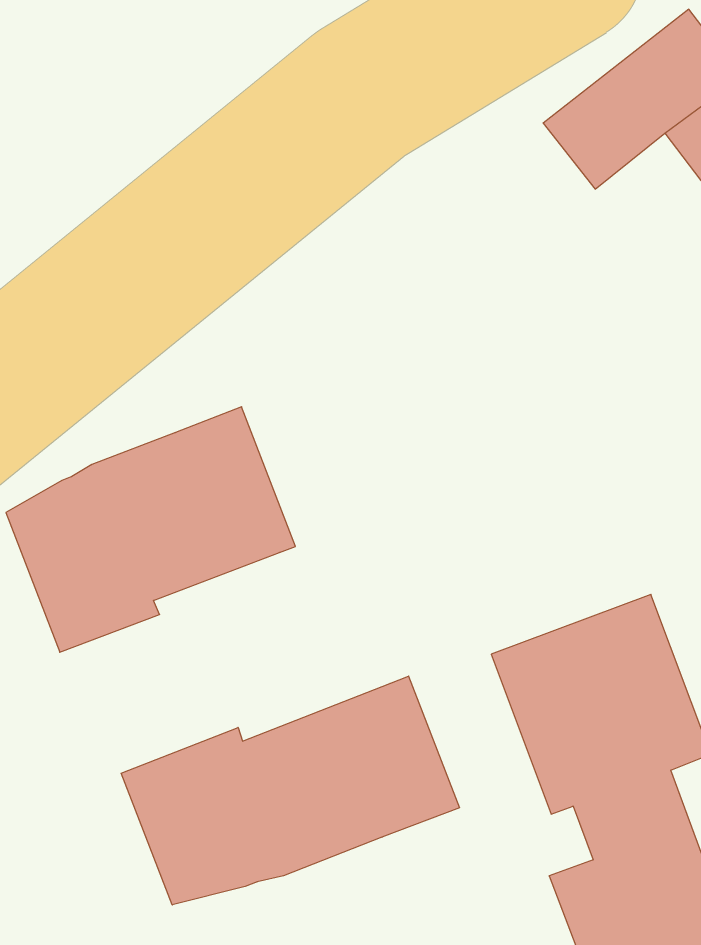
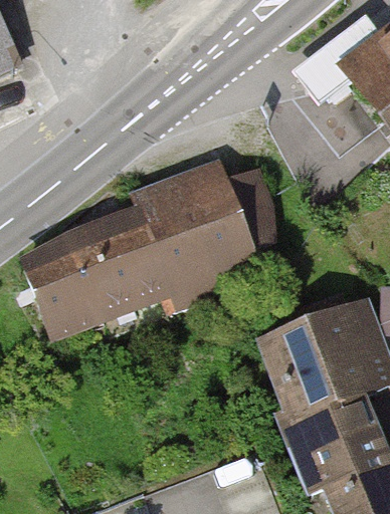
building: none -> [142,169,271,309]
building: [121,676,460,905] -> none

